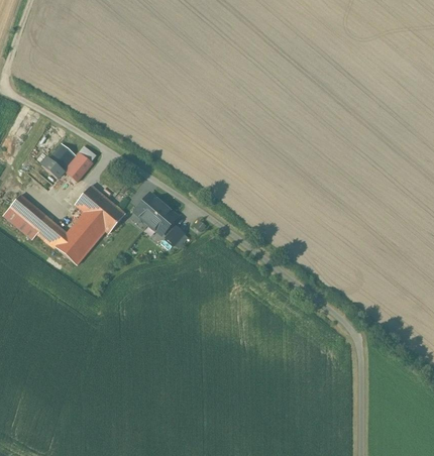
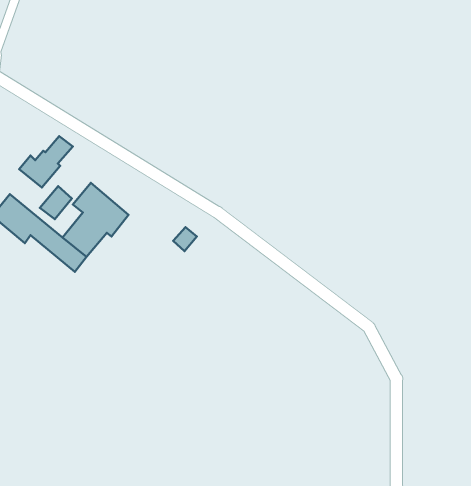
building: [64,150,92,180] -> [40,186,72,219]
building: [134,193,177,230] -> none

